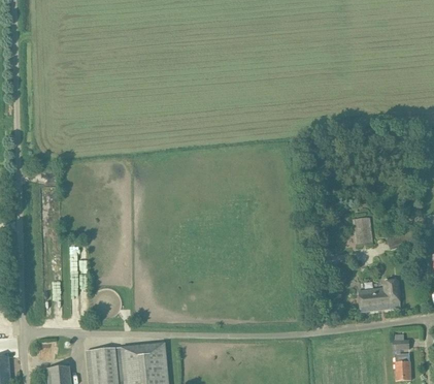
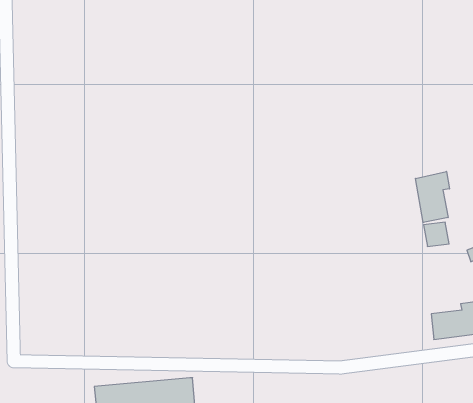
building: none -> [415,171,449,223]

